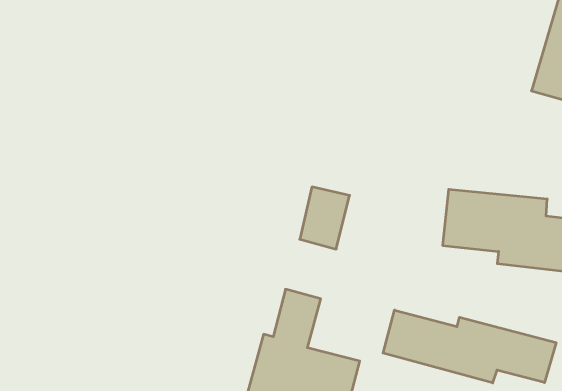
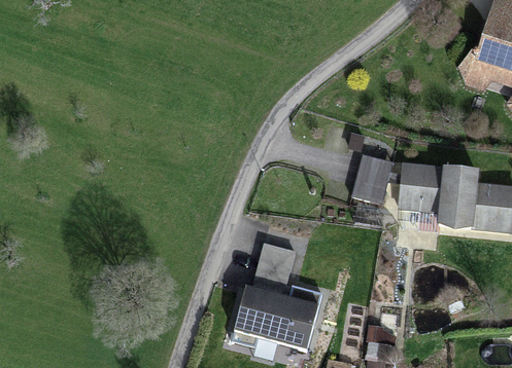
building: [300,187,350,249] -> [352,156,395,209]
building: [383,310,556,383] -> none

